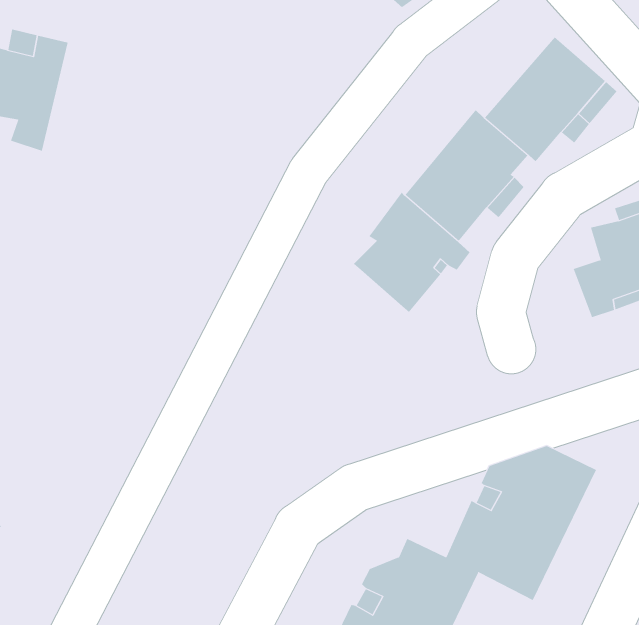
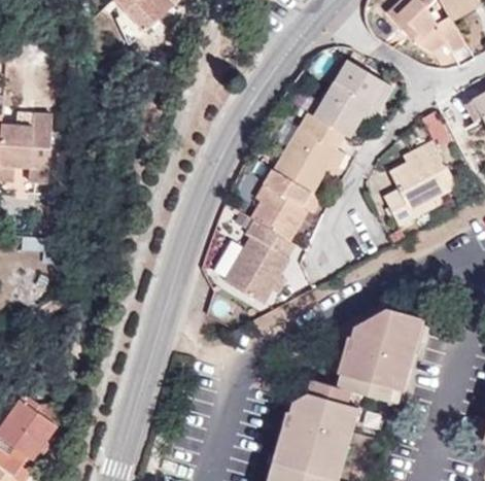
building: none -> [224,221,286,305]

